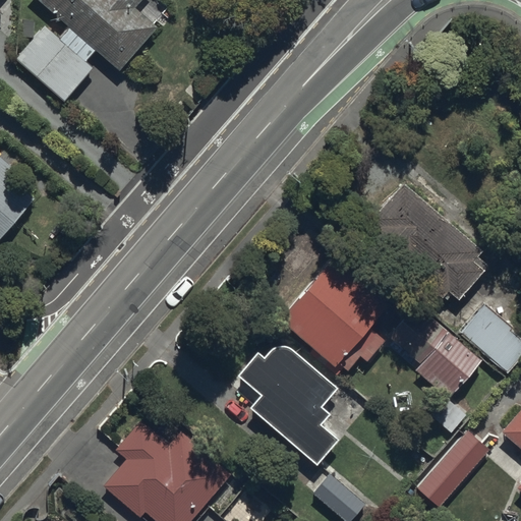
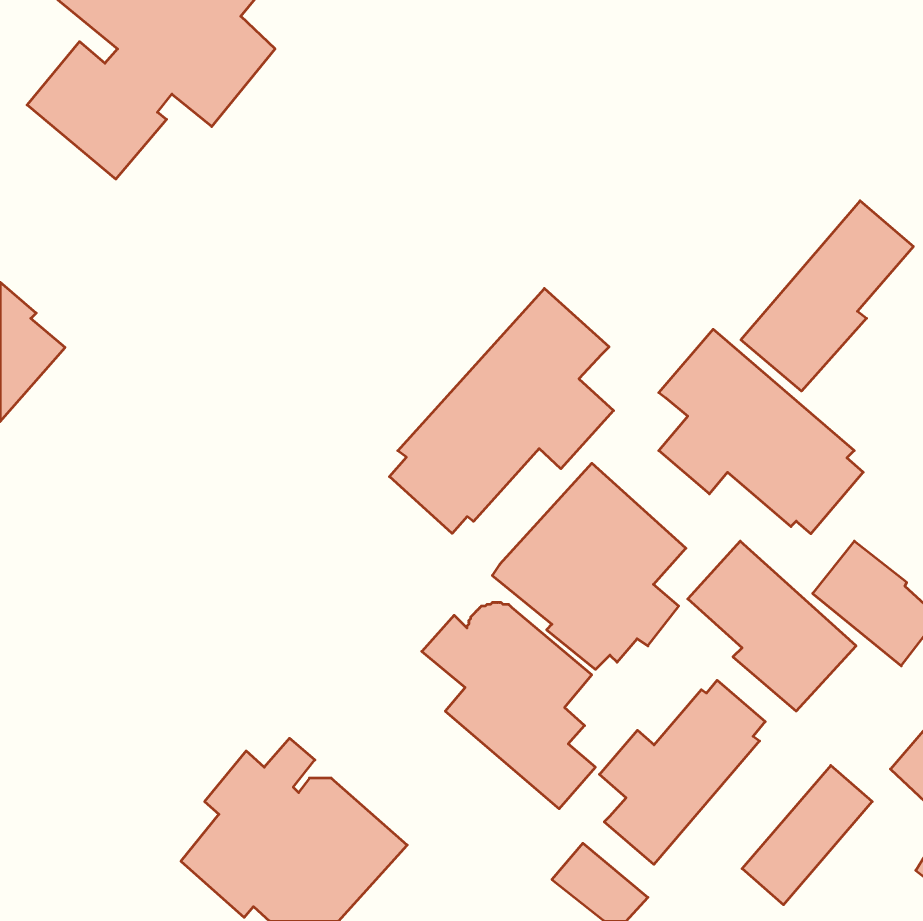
building: none -> [741,201,913,391]
building: none -> [389,288,614,533]
building: none -> [599,680,765,864]

